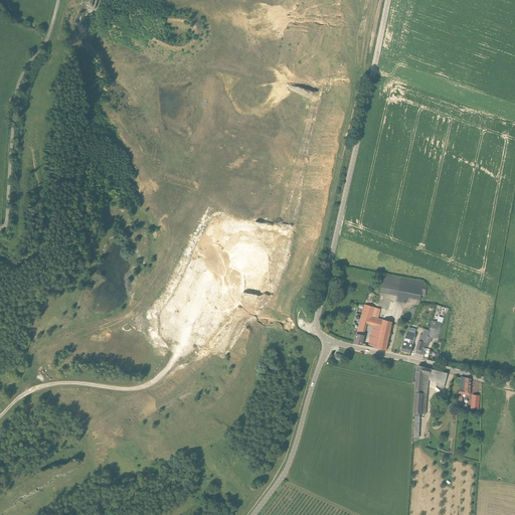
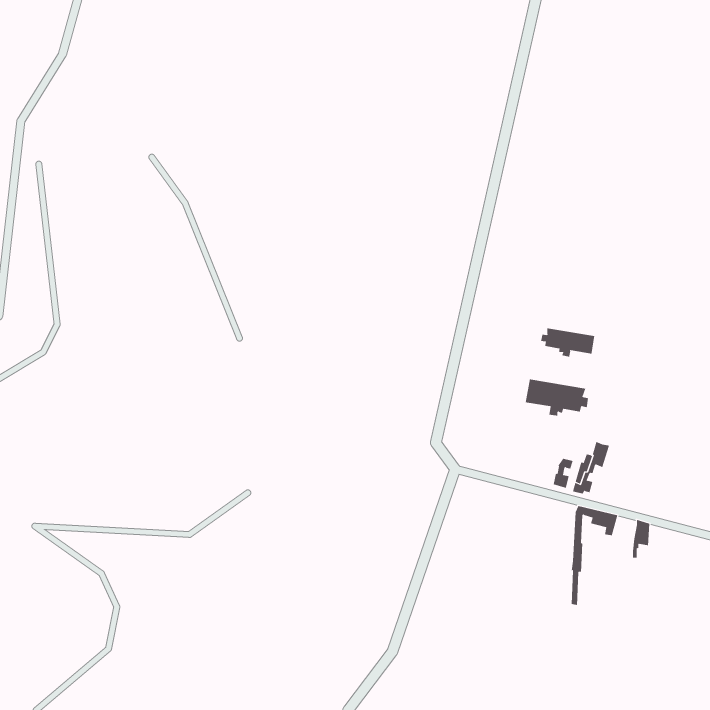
building: none -> [541,327,595,357]
building: [353,304,391,350] -> none

